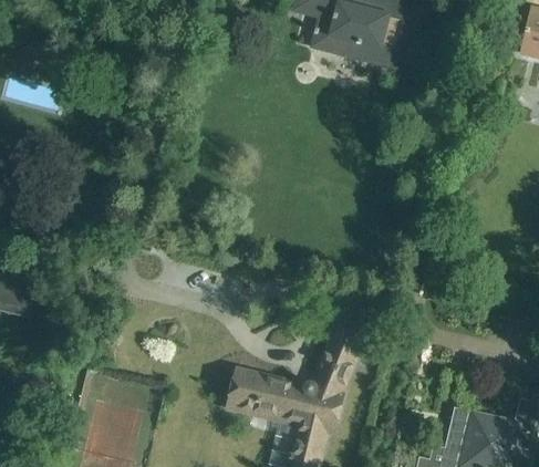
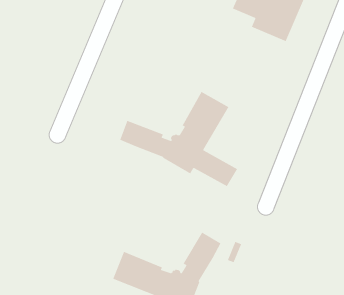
building: none -> [119,91,238,187]

